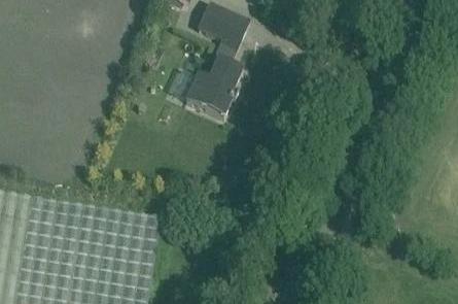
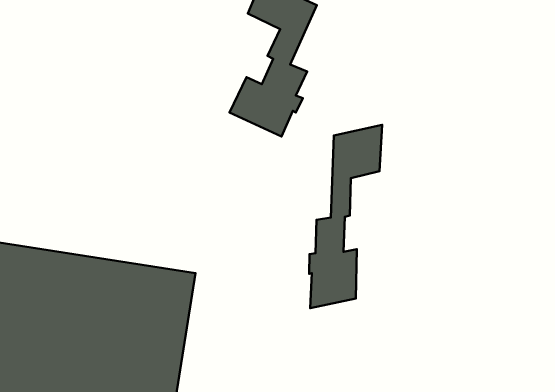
building: none -> [309,125,382,308]

